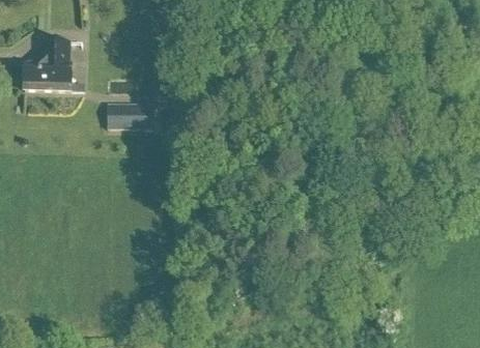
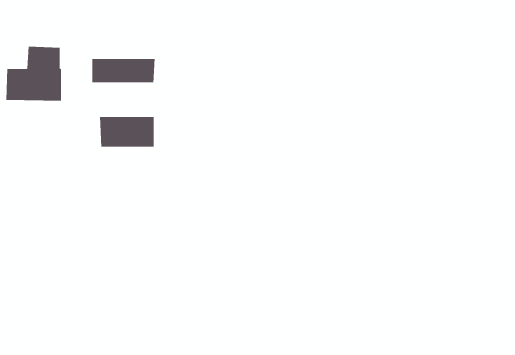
building: none -> [92,58,155,83]

